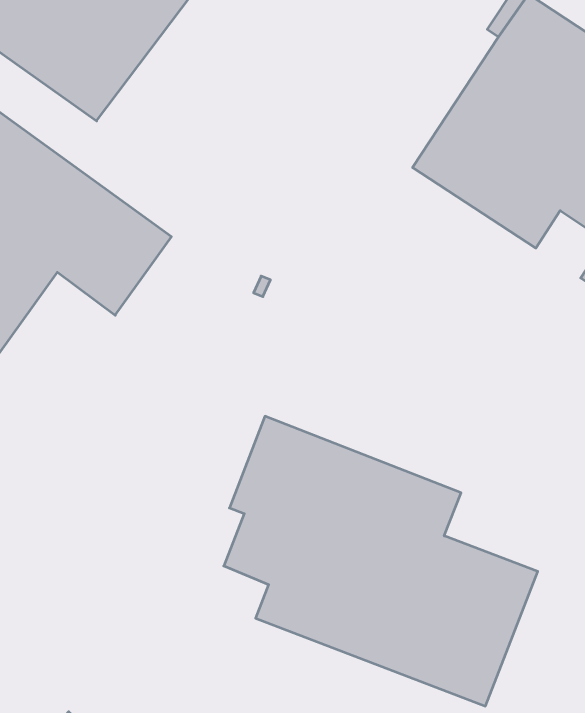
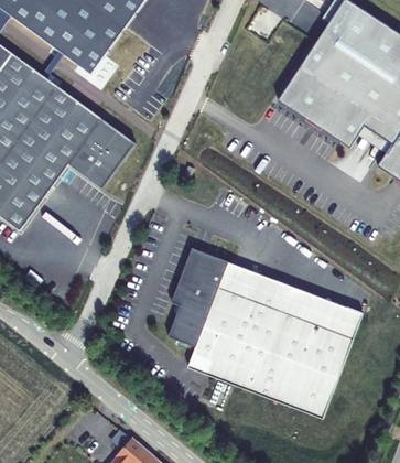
building: none -> [296,292,361,338]

